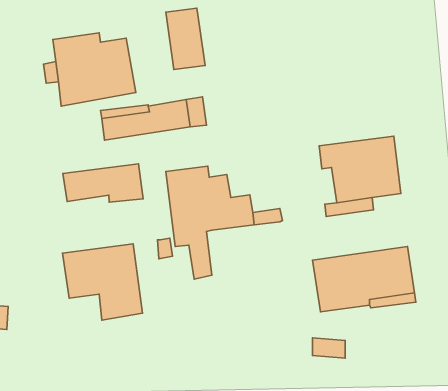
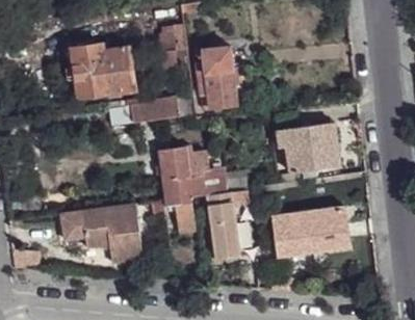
building: none -> [193,46,237,108]
building: [63,164,143,202] -> none
building: none -> [206,190,248,260]

